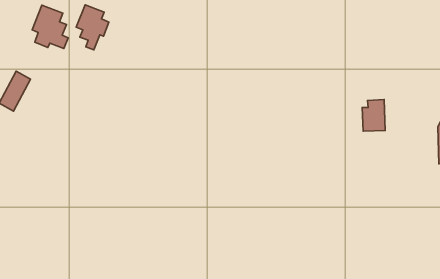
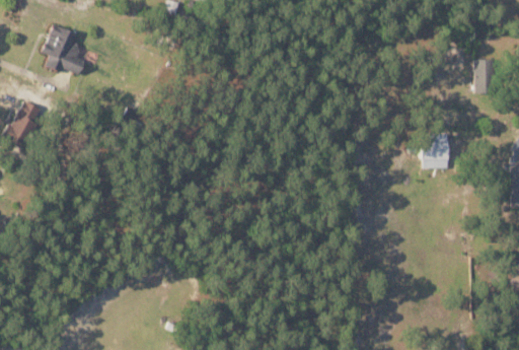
building: [76,5,109,50] -> none
building: none -> [475,58,493,92]

